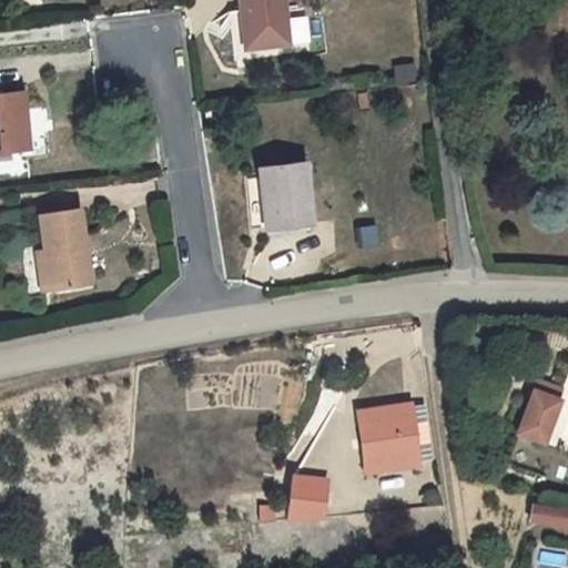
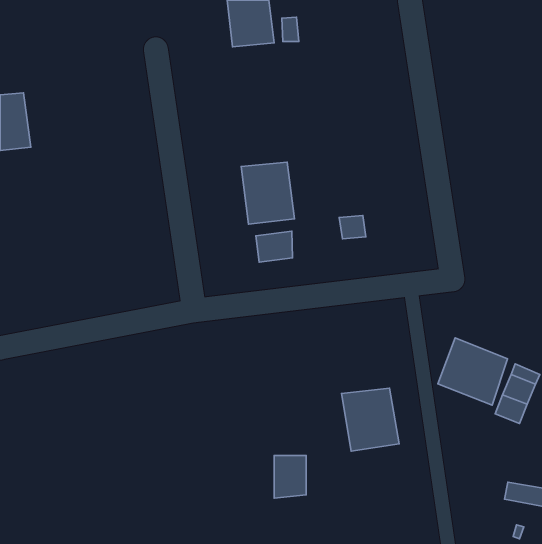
building: [40,207,92,290] -> none
building: none -> [256,231,293,262]
building: none -> [438,338,508,405]

